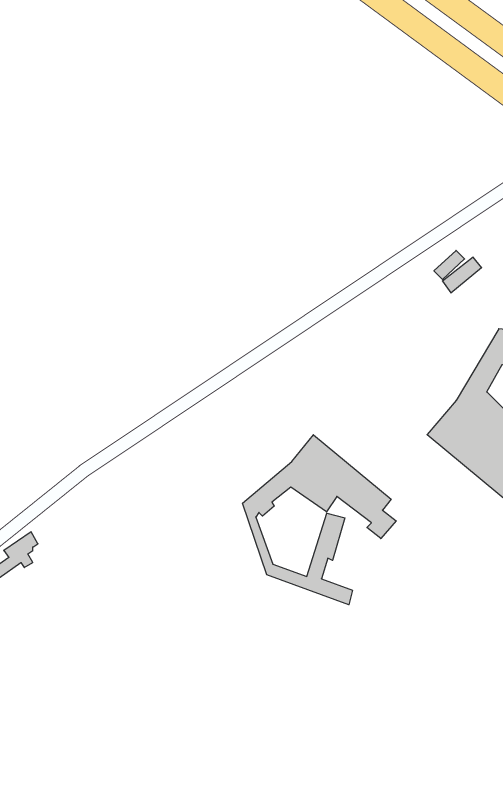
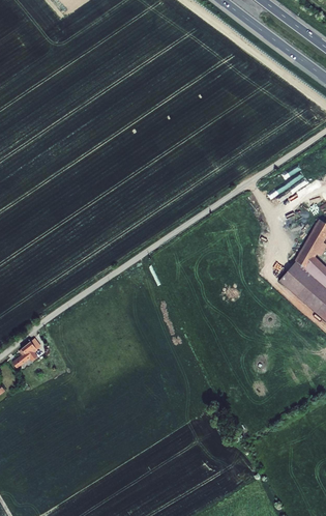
building: [243,435,396,605] -> none

